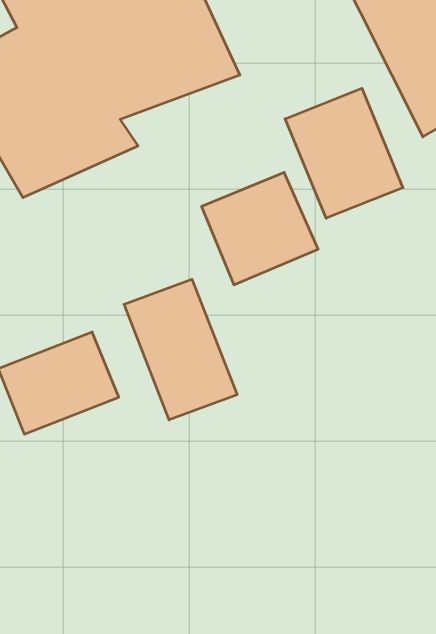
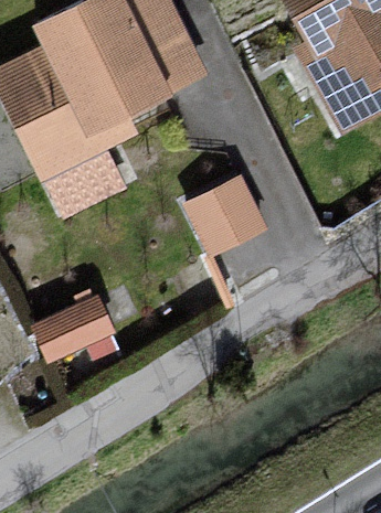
building: [285,88,403,218] -> none
building: [124,279,237,420] -> none

